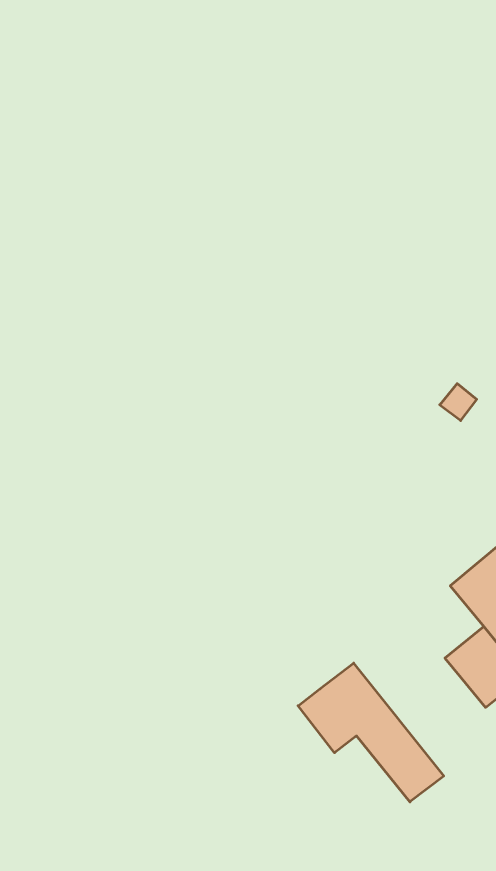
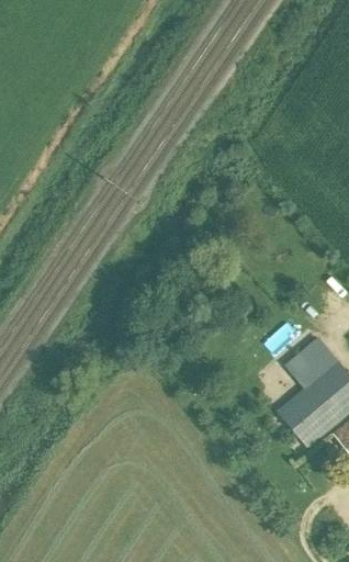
building: [298,663,444,802] -> none

